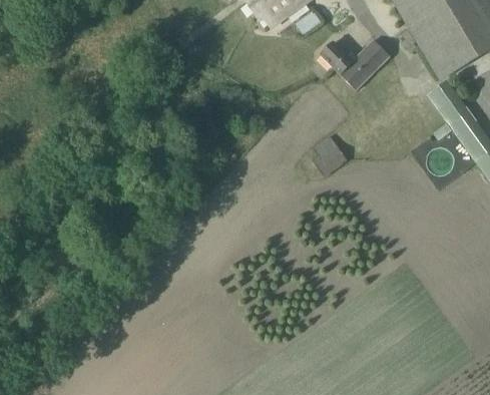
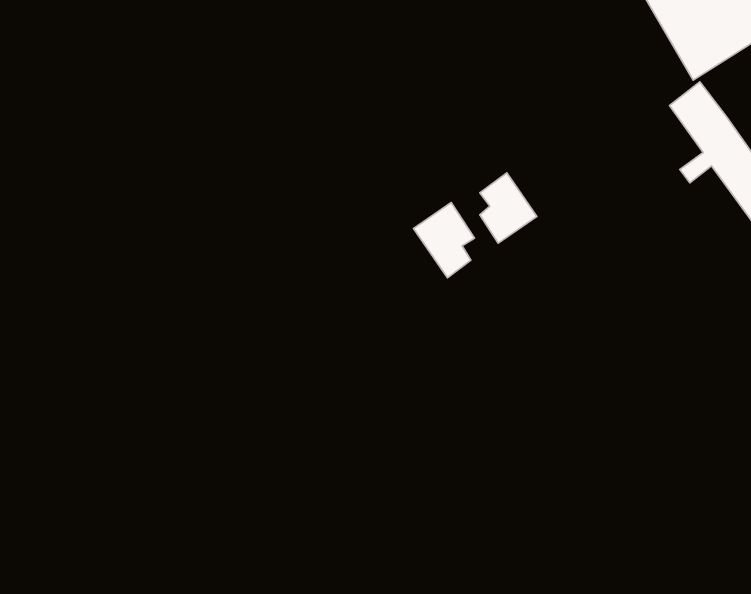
building: [323,37,393,89] -> none
building: none -> [414,203,475,278]

